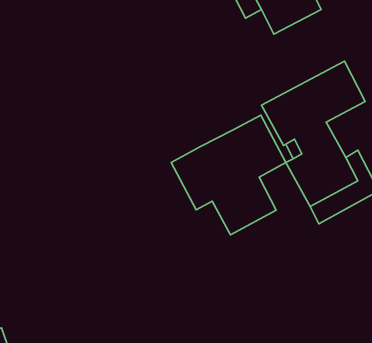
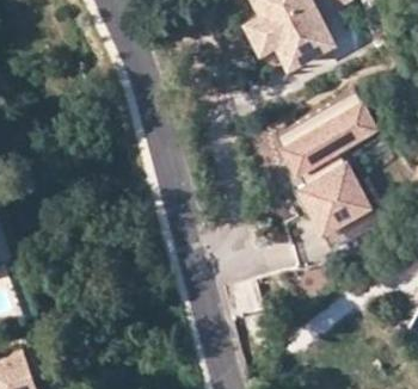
building: [171,115,286,235] -> none

